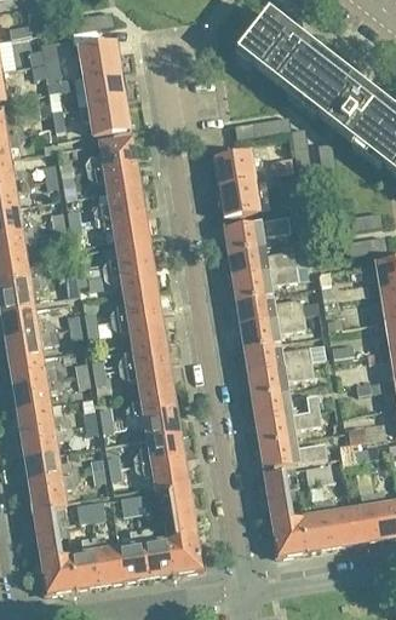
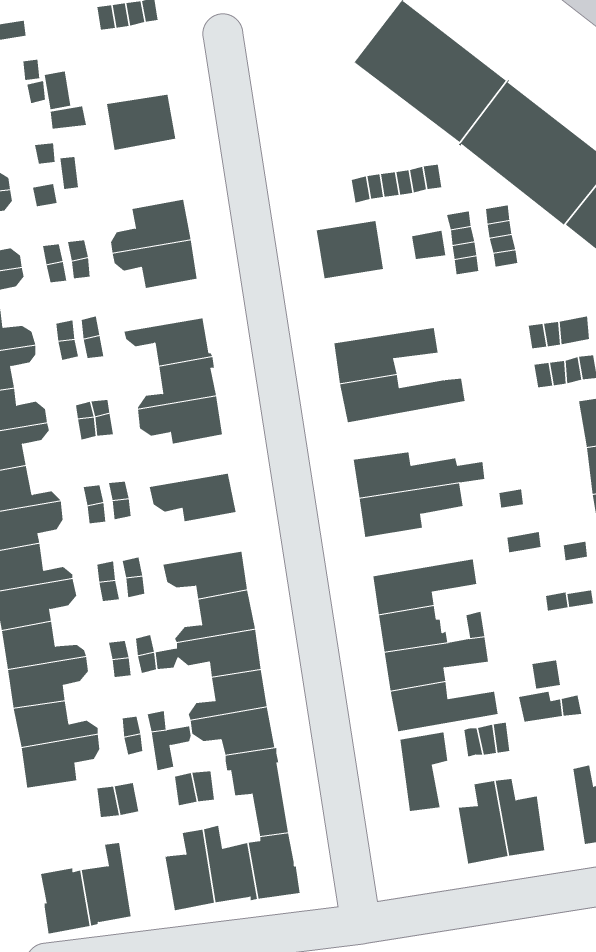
building: [78,40,121,76] -> none
building: [80,98,131,134] -> none
building: [218,179,260,214] -> none
building: [92,185,143,218] -> none
building: [233,262,310,298] -> none
building: [109,282,159,315] -> none
building: [117,331,167,363] -> none
building: [243,340,311,371] -> none
building: [351,490,380,541] -> none
building: [31,498,67,556] -> none
building: [271,515,308,556] -> none
building: [91,534,125,582] -> none

